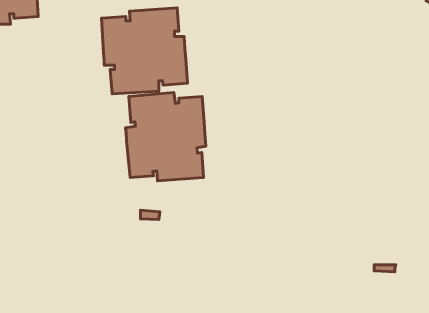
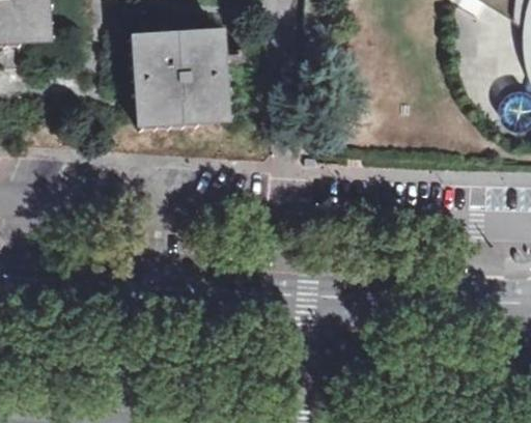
building: [126,92,206,181] -> none

